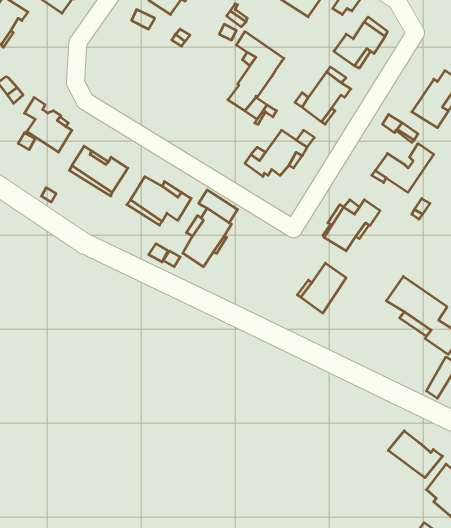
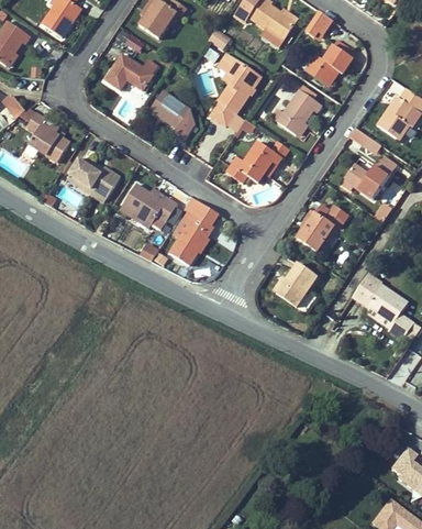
building: none -> [104,53,153,90]
building: none -> [149,91,195,139]
building: [388,431,443,478] -> none

